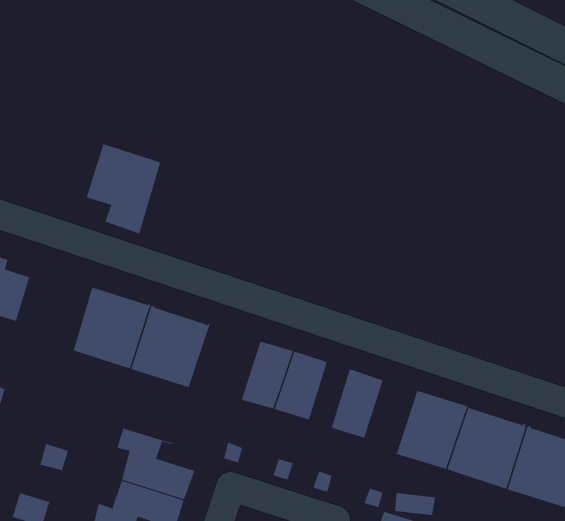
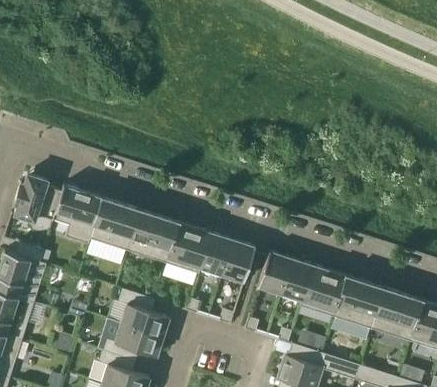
building: [86,143,161,234] -> [53,185,102,244]
building: none -> [165,221,211,273]
building: none -> [279,258,313,303]

